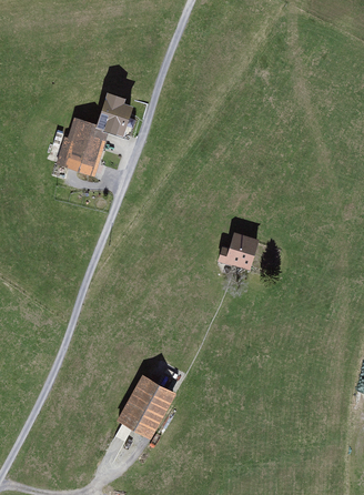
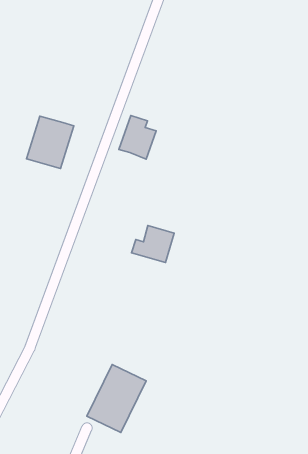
building: [94,93,132,138] -> [119,115,156,159]
building: [215,230,259,267] -> [132,225,174,263]

